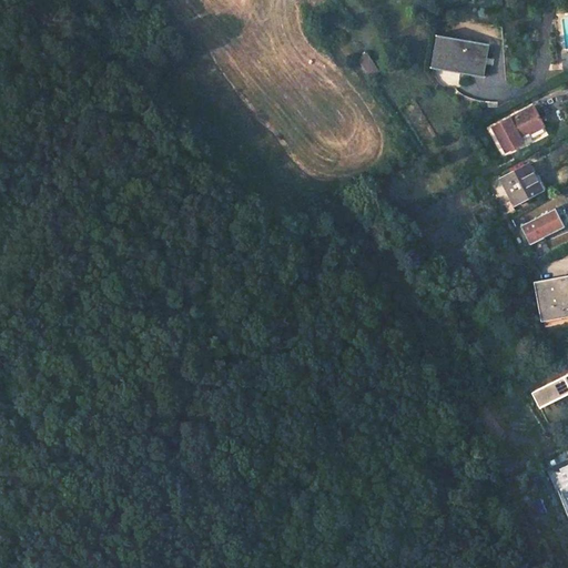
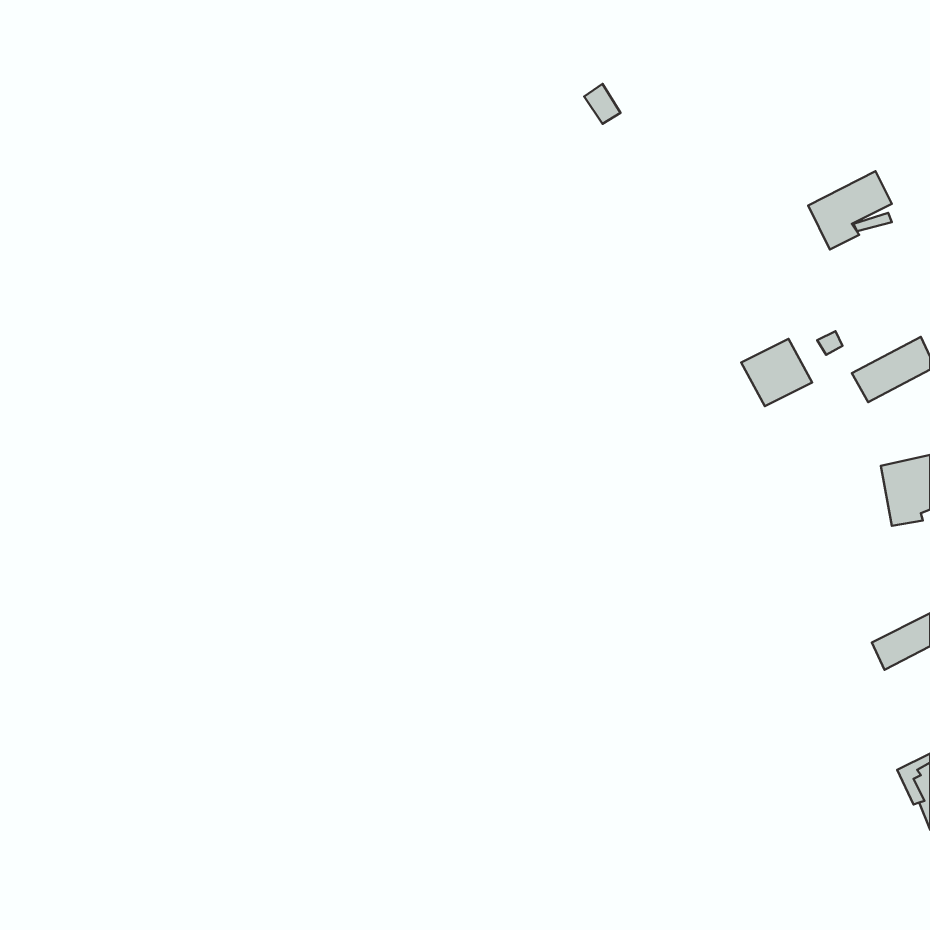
building: [436,39,485,74] -> none
building: [500,164,544,205] -> [741,339,812,406]

